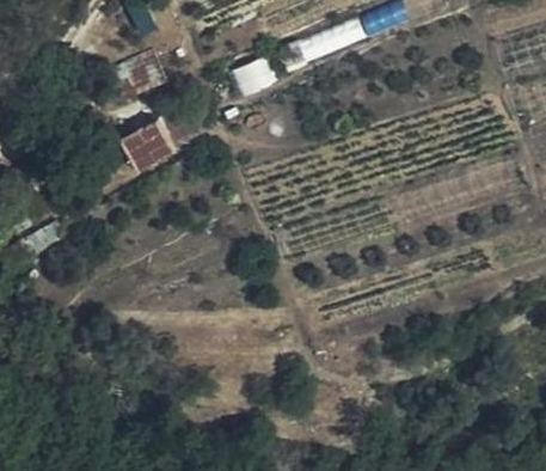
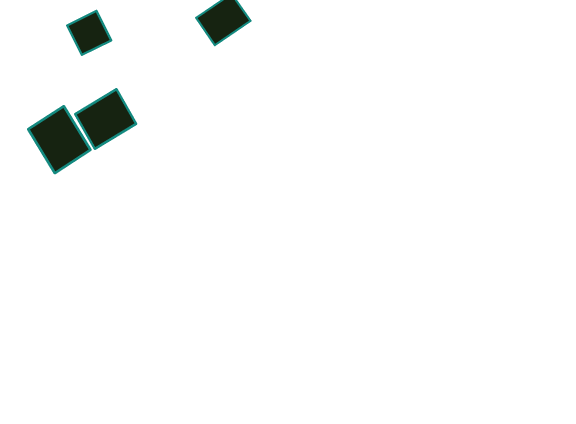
building: none -> [28,106,91,173]

